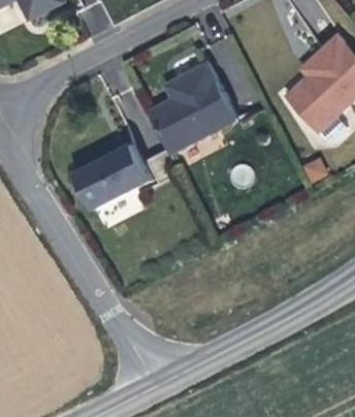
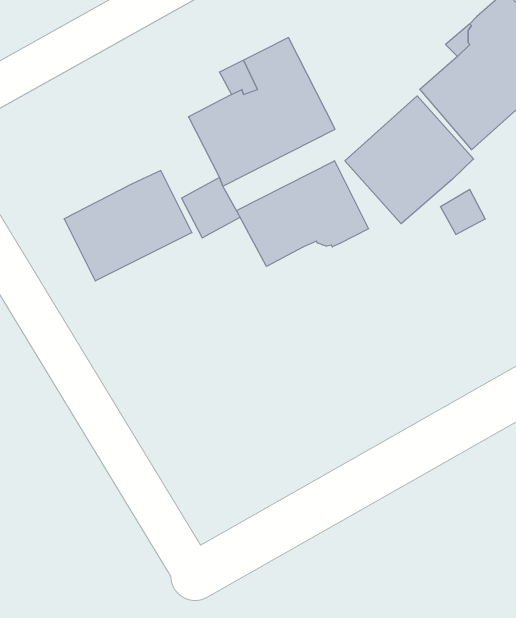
building: none -> [345,96,474,224]
building: none -> [237,161,369,266]

